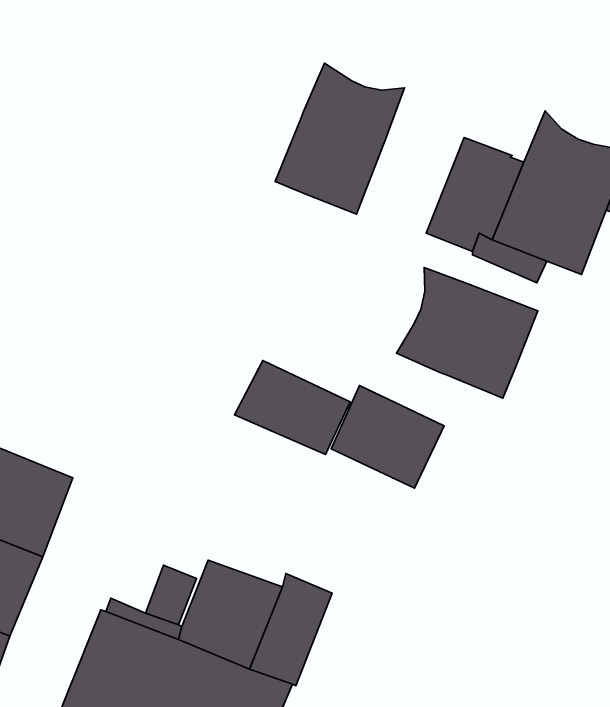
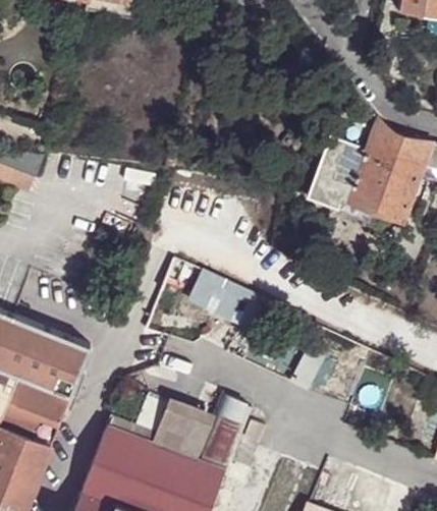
building: [275,63,405,214] -> none
building: [396,268,538,398] -> none
building: [331,386,444,488] -> none

